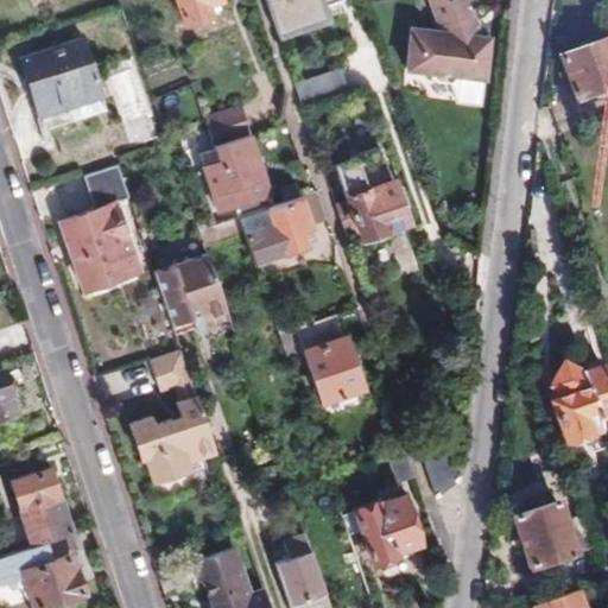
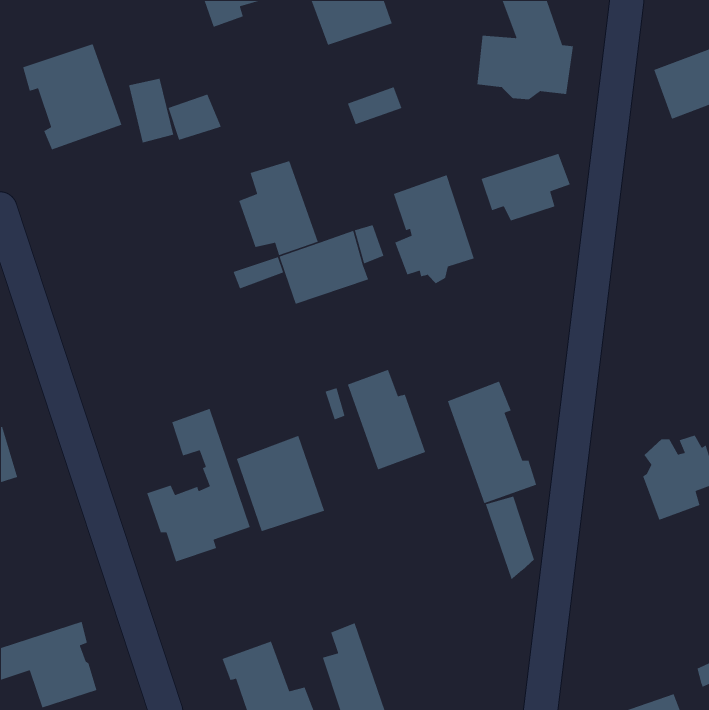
building: [205,108,252,148] -> [167,93,222,141]
building: none -> [481,153,571,222]
building: [62,166,137,289] -> none
building: [156,254,232,337] -> [236,435,325,532]
building: none -> [447,380,537,504]
building: [14,469,70,542] -> none
building: [341,498,417,564] -> none
building: [509,506,588,571] -> none

